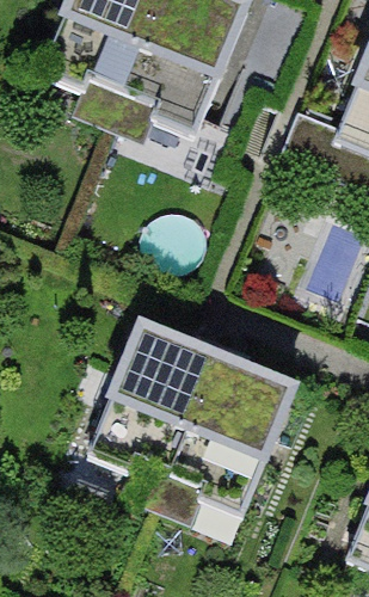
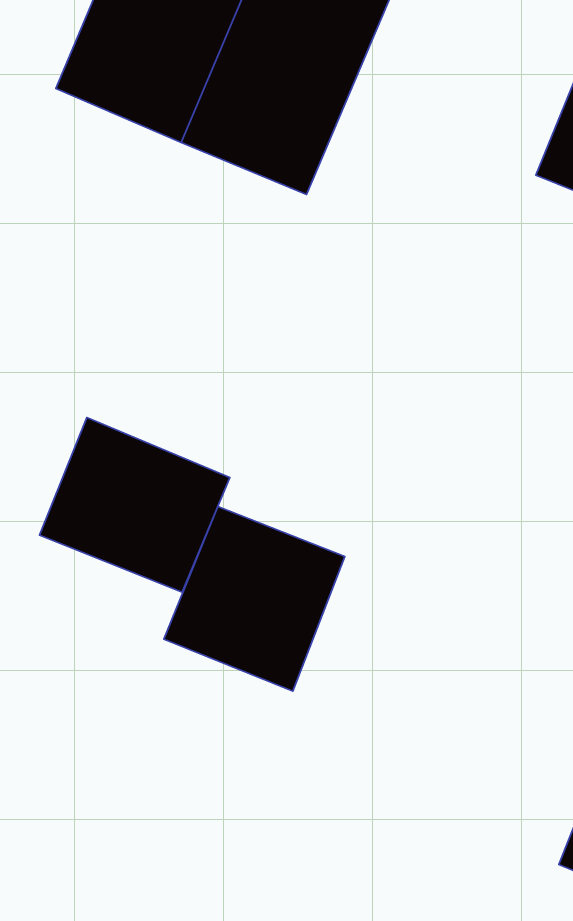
building: none -> [39,418,230,592]
building: [184,355,296,469] -> none

